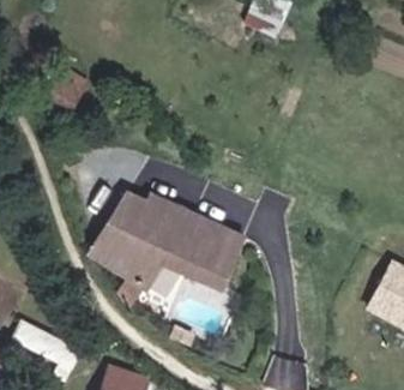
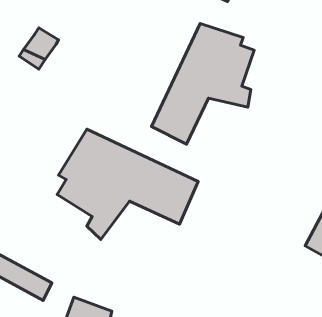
building: none -> [152,23,254,144]

